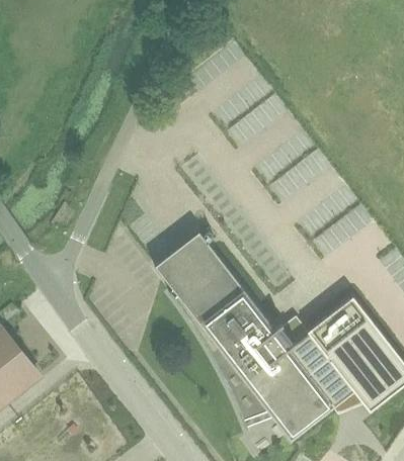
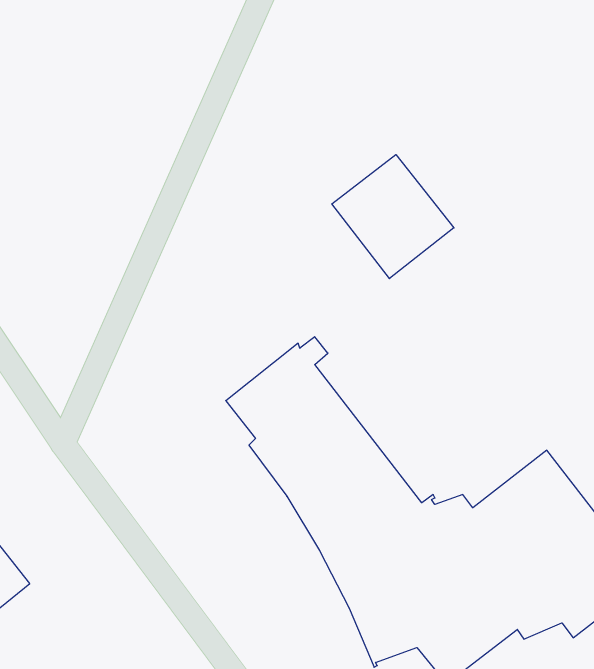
building: none -> [332,155,454,279]

